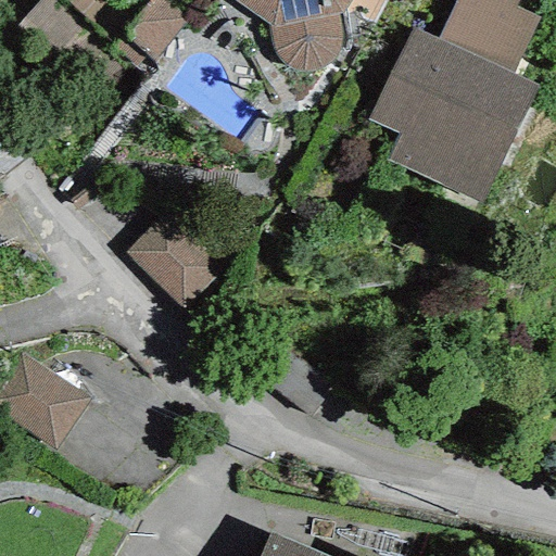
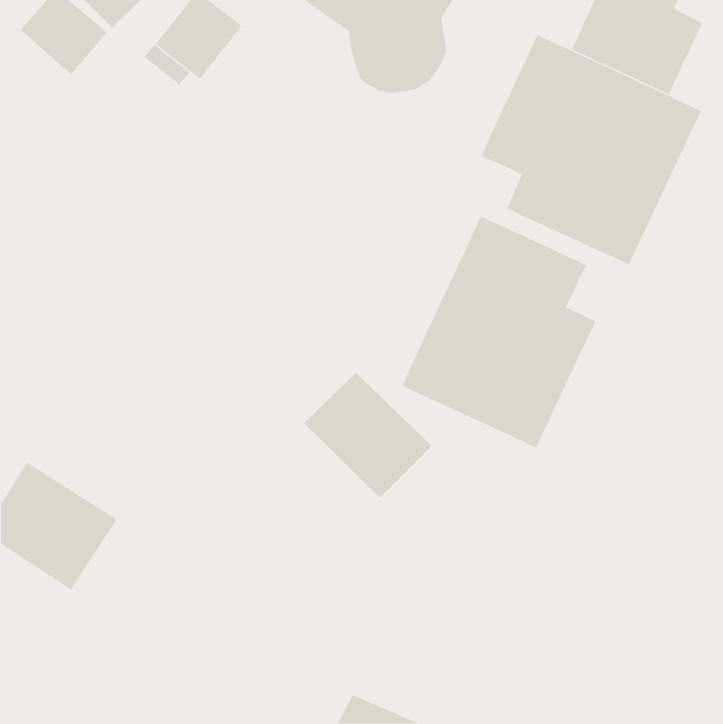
building: none -> [401,215,597,449]
building: [126,212,225,308] -> [303,372,432,498]

